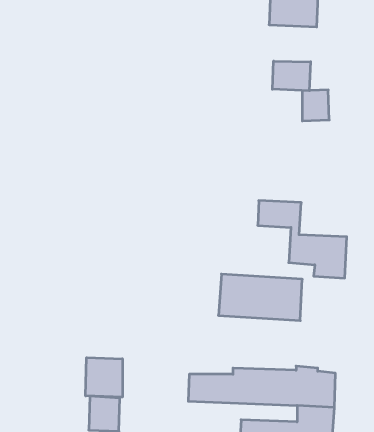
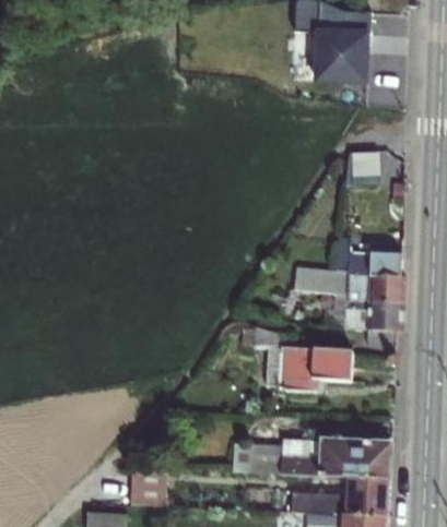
building: [272,61,311,91] -> none
building: none -> [353,250,404,303]
building: [86,358,122,397] -> none

